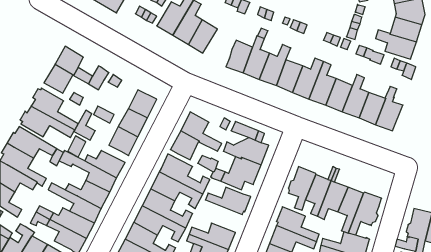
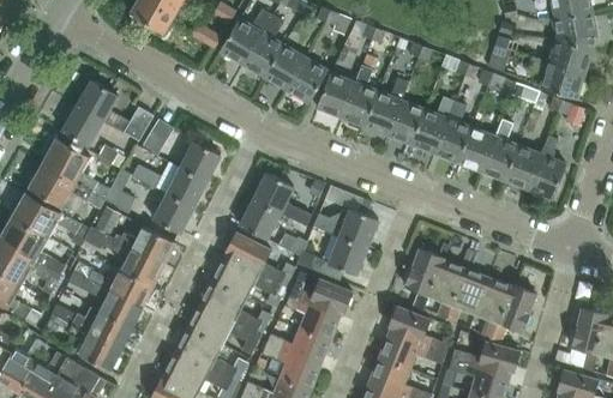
building: none -> [286,56,329,103]
building: none -> [286,296,341,342]

